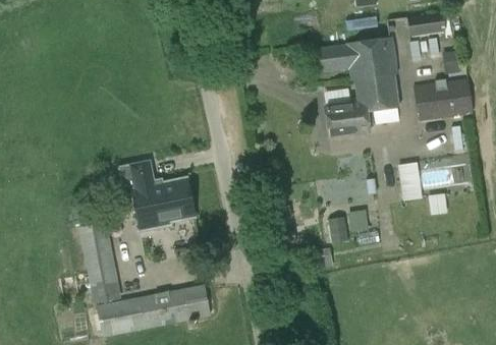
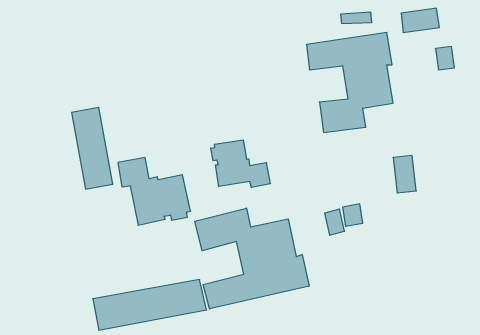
building: [415,78,473,119] -> none
building: none -> [211,140,270,188]
building: none -> [195,208,309,309]
building: [79,220,121,302] -> [72,107,113,189]

